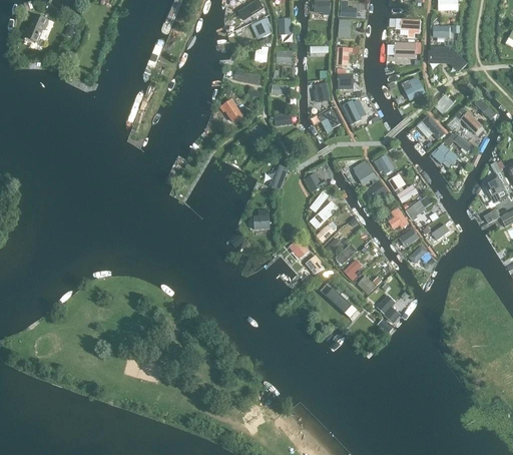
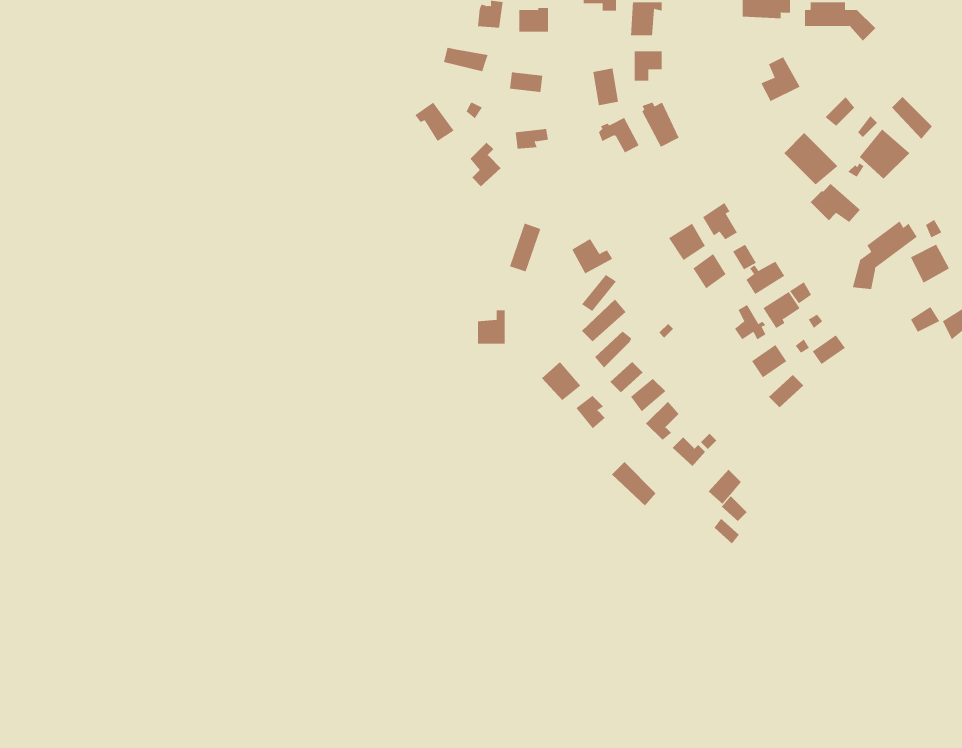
building: none -> [852,221,917,290]

